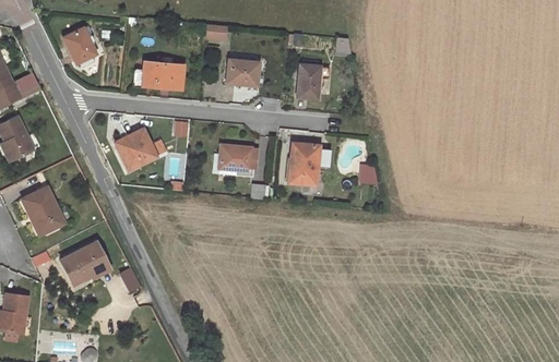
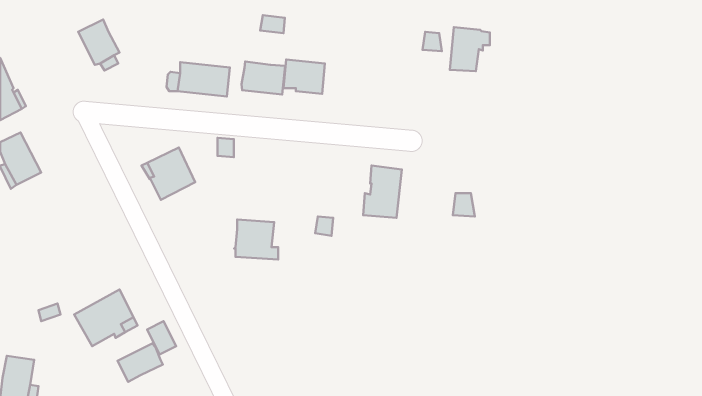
building: none -> [241,61,285,95]
building: [297,63,329,98] -> [450,27,490,71]
building: [218,145,253,177] -> [234,220,278,260]
building: [24,186,66,234] -> none
building: none -> [118,343,163,382]

